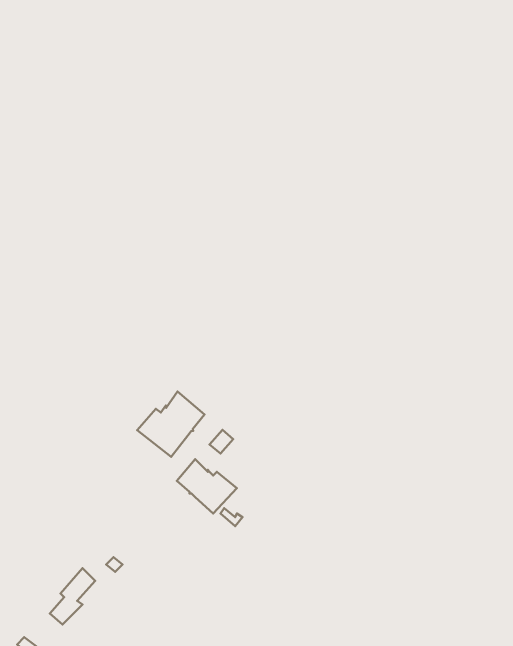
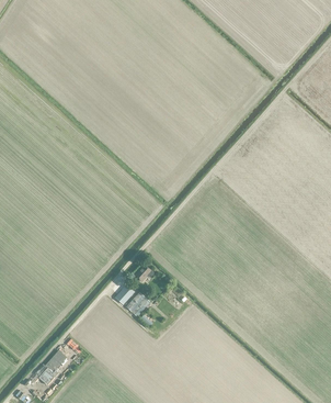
building: [137,391,205,457] -> none

